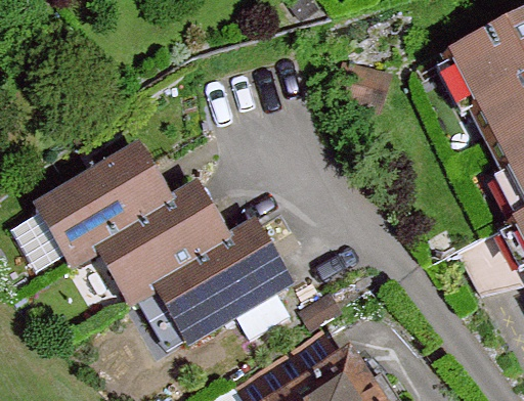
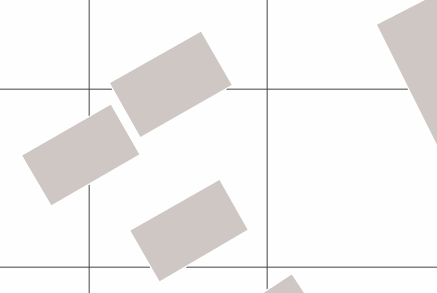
building: none -> [109,31,233,138]
building: [96,184,235,304] -> none

